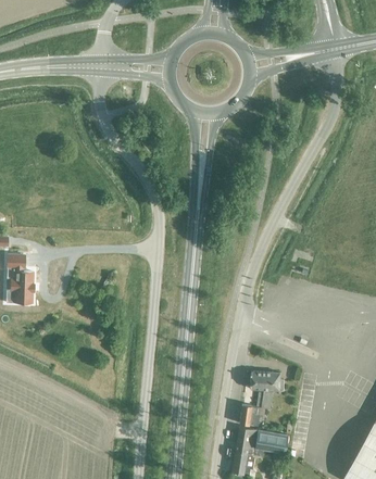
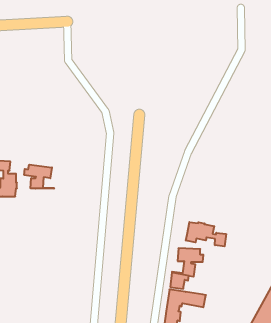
building: none -> [24,165,54,189]
building: none -> [186,222,226,246]

